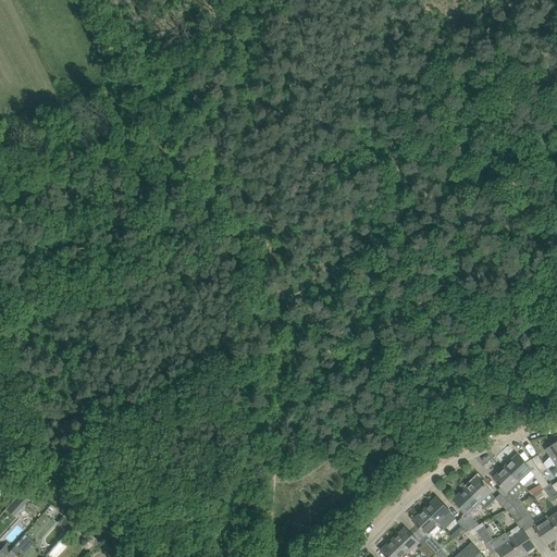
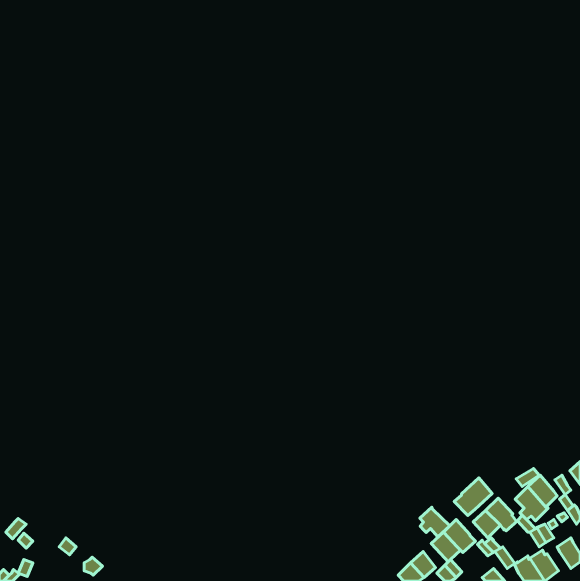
building: none -> [454,478,492,516]
building: none -> [420,507,450,537]

